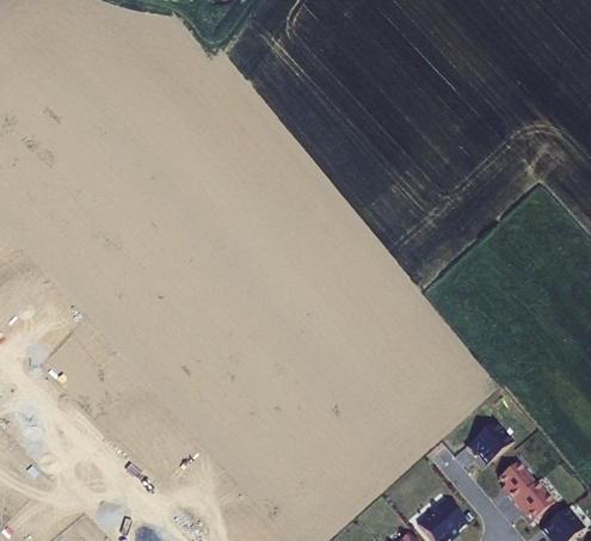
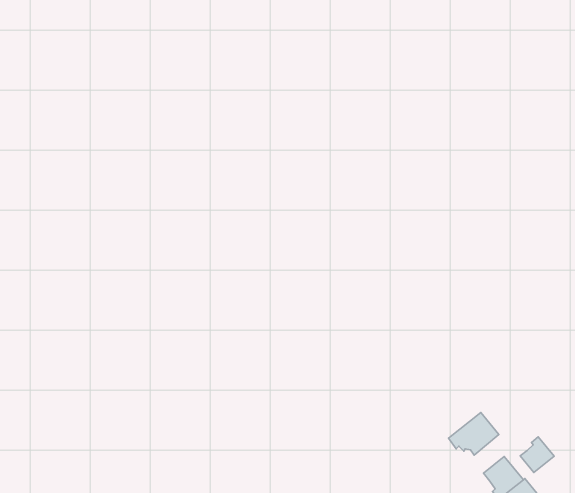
building: none -> [520,437,554,472]

